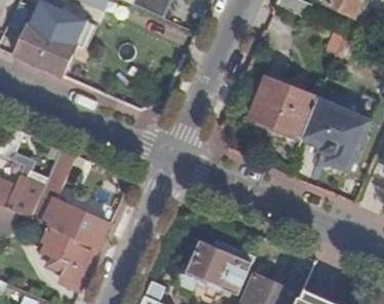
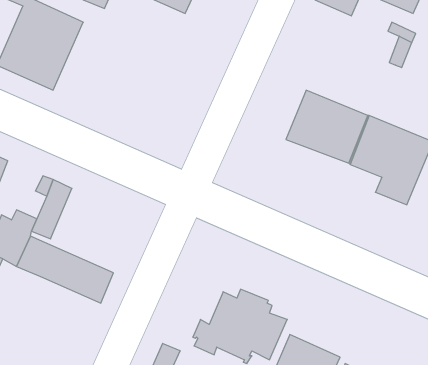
building: [41,228,100,291] -> none

